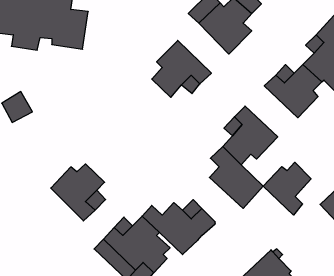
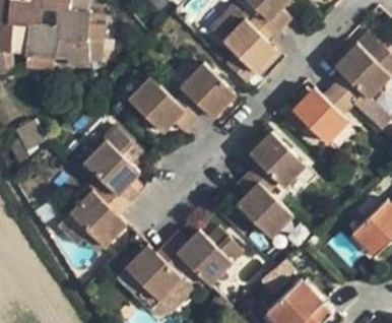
building: none -> [126,76,193,132]
building: none -> [79,129,135,208]
building: [263,162,311,215] -> none

